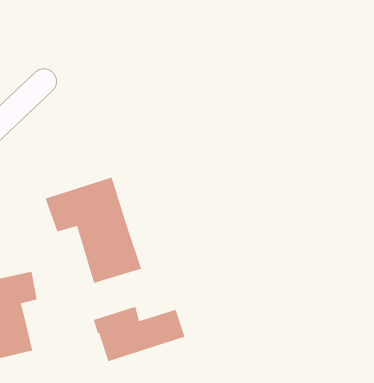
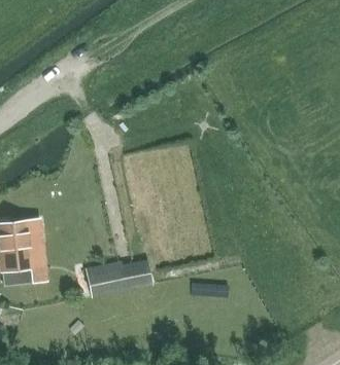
building: [45,177,142,284] -> none

